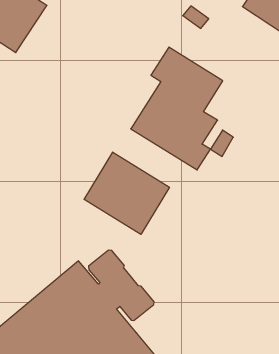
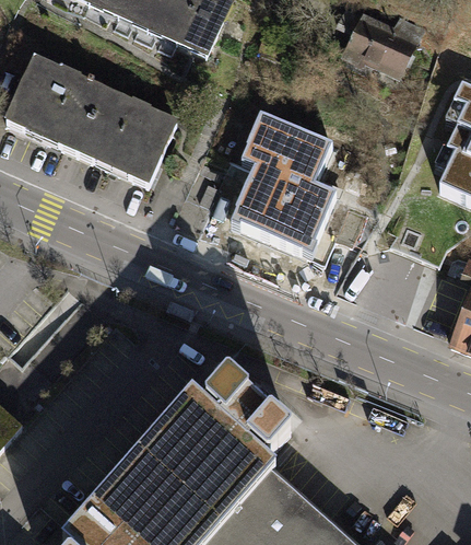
building: none -> [78,91,174,184]
building: [84,152,169,234] -> none

